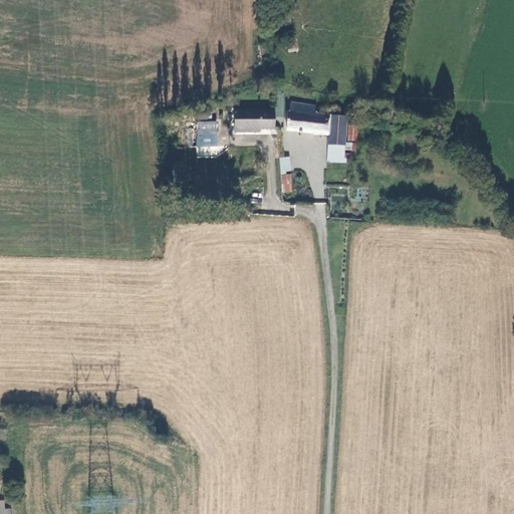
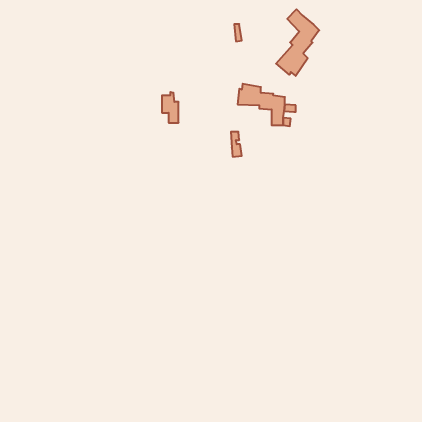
building: none -> [276,9,319,76]
building: [233,112,274,134] -> none

